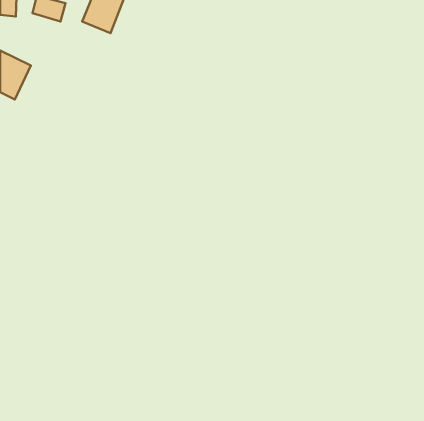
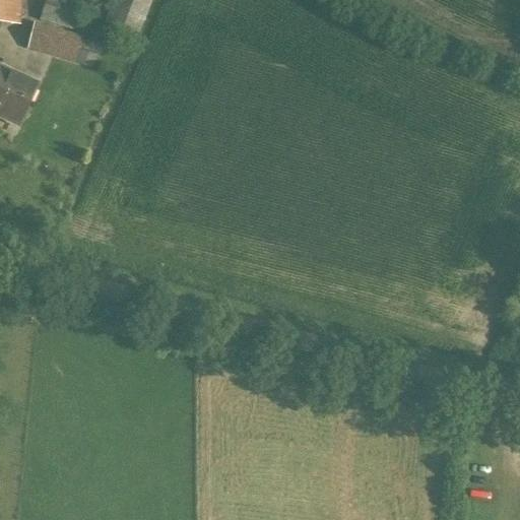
building: none -> [26,18,103,65]

